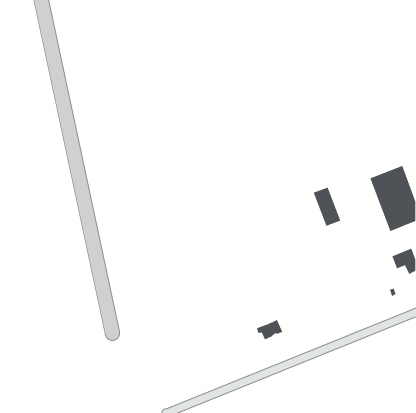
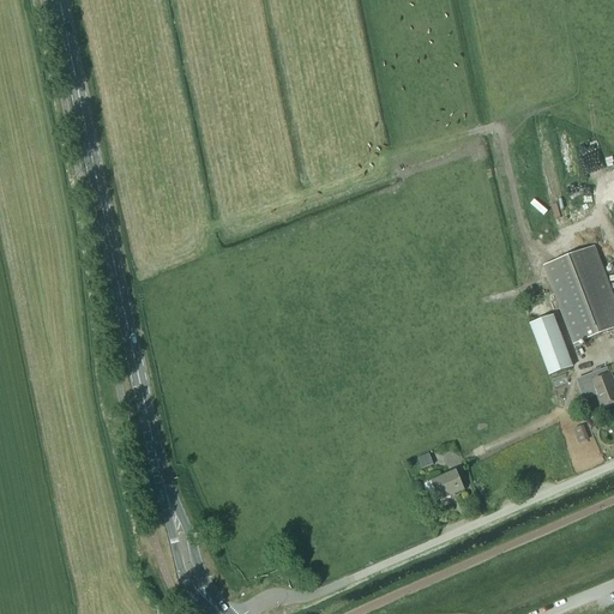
building: [313,187,341,227] -> [530,314,572,373]
building: [256,319,283,340] -> [425,468,464,499]

